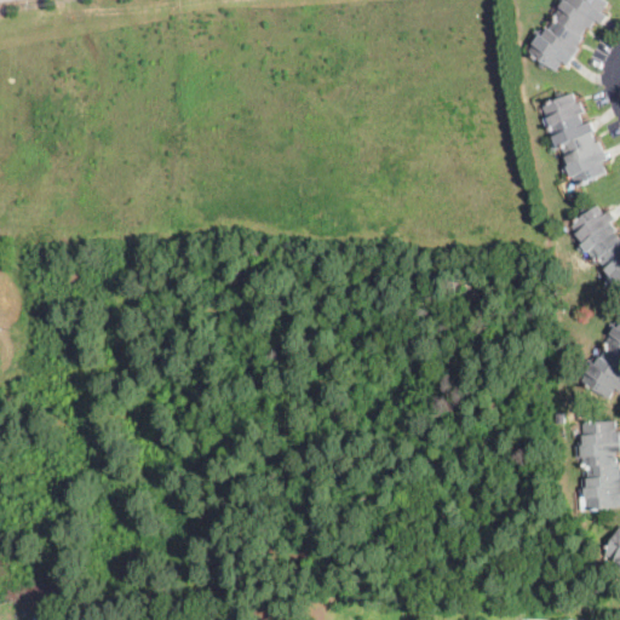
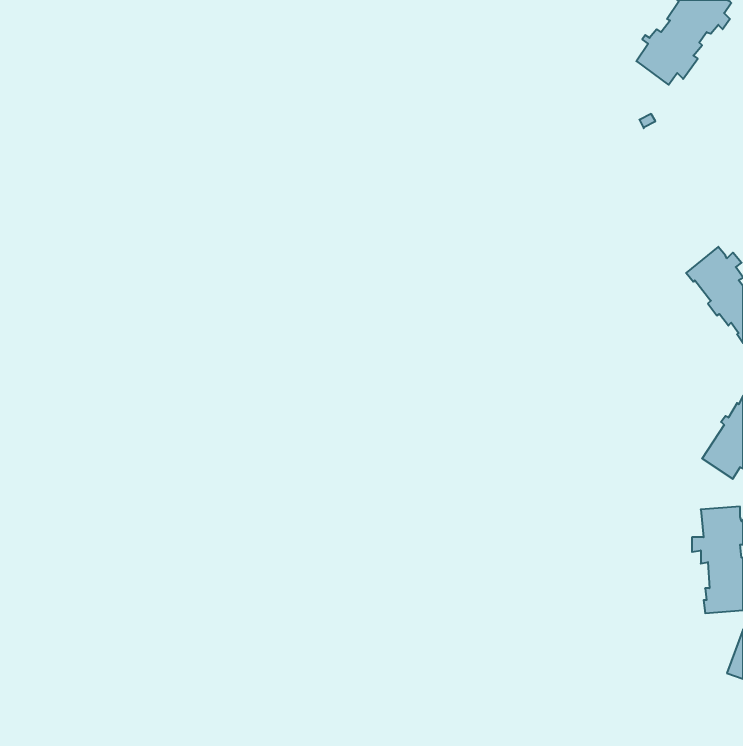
building: [542,93,608,186] -> none

